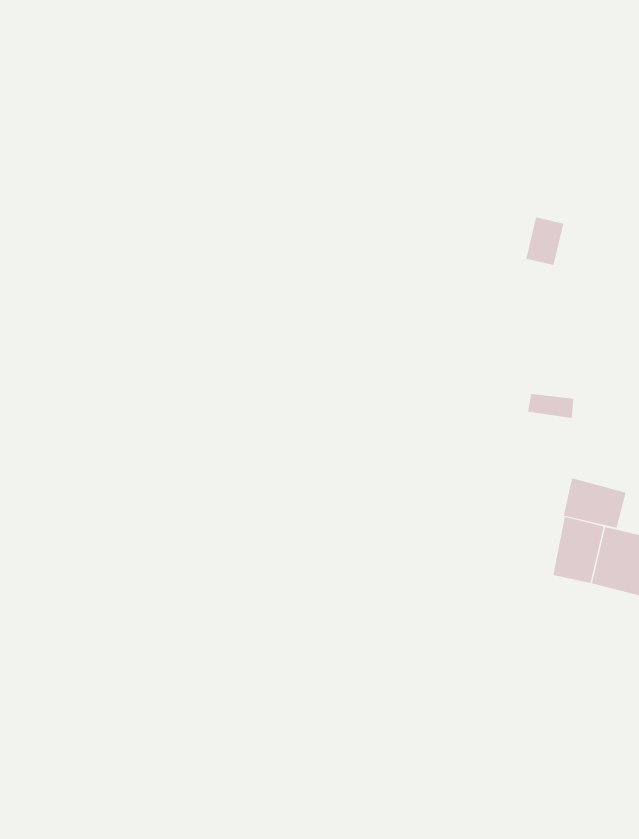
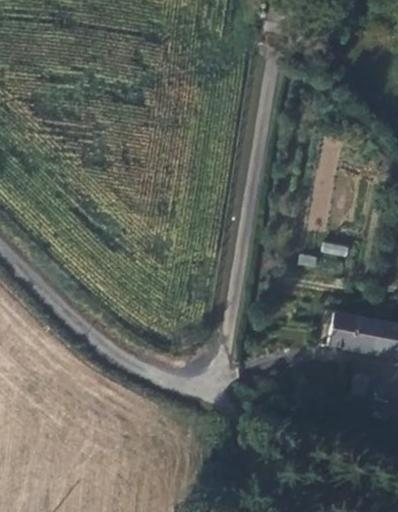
building: [563,477,626,529] -> none

